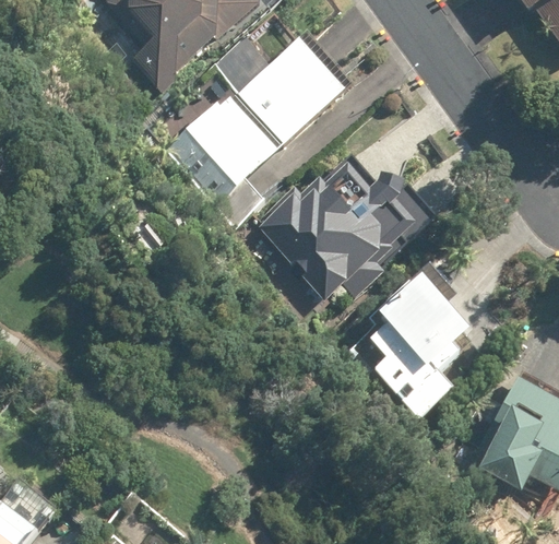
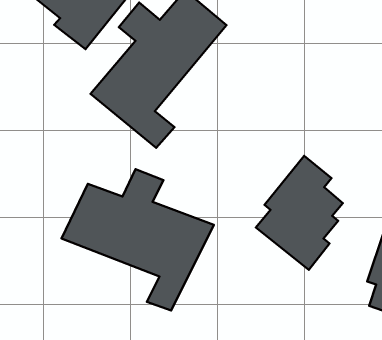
building: [255,152,408,304] -> none
building: none -> [61,169,214,310]

